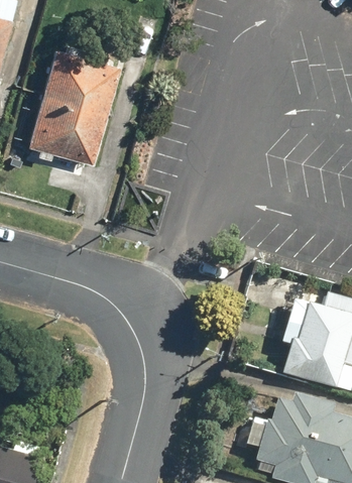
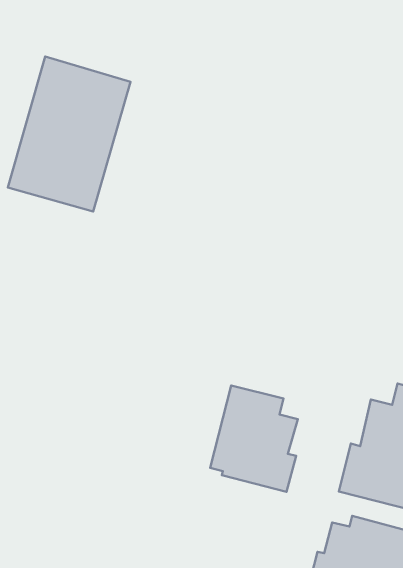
building: none -> [210,385,298,492]

